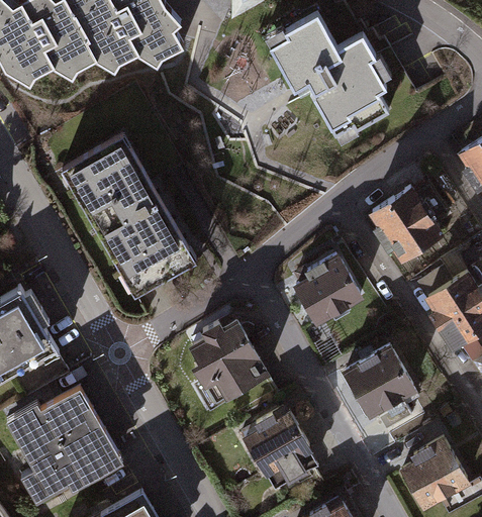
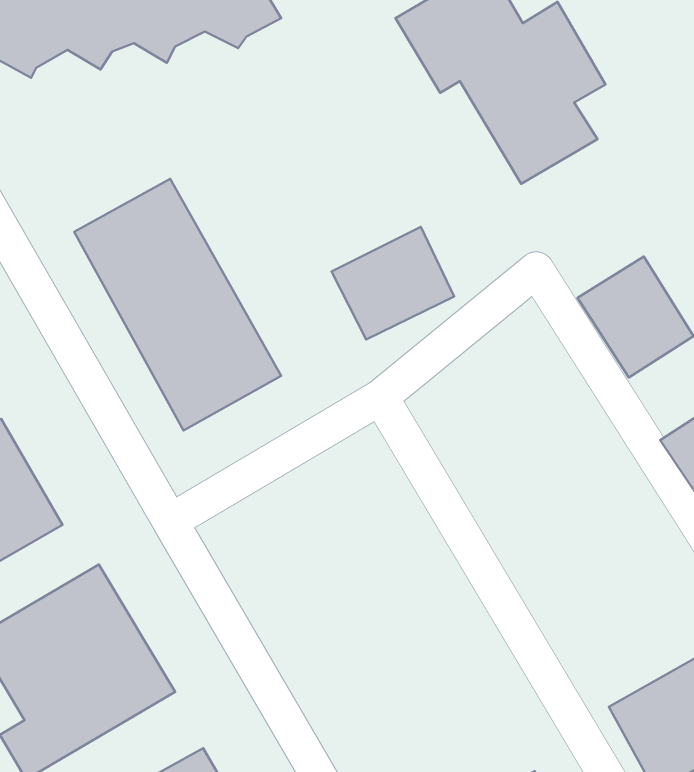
building: [289,255,364,324] -> [332,227,454,339]
building: [188,318,274,407] -> none
building: [343,347,416,420] -> none
building: [234,411,315,488] -> none

